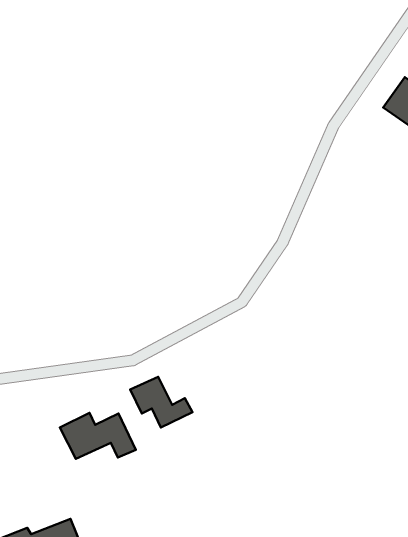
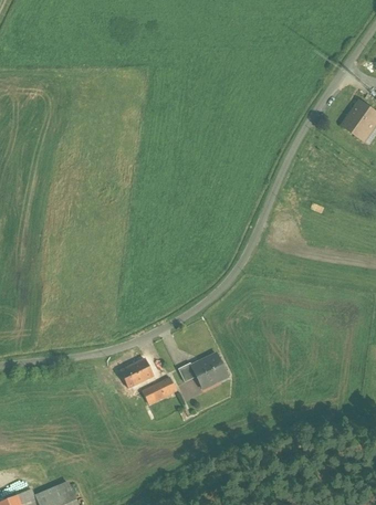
building: none -> [179,351,231,392]
building: [60,413,136,459] -> none

